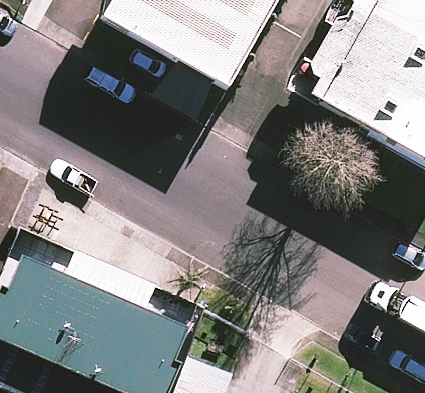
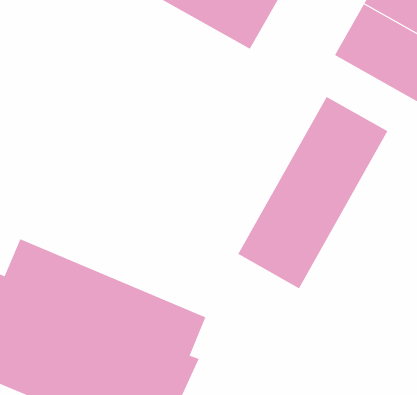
building: none -> [238,96,388,289]

